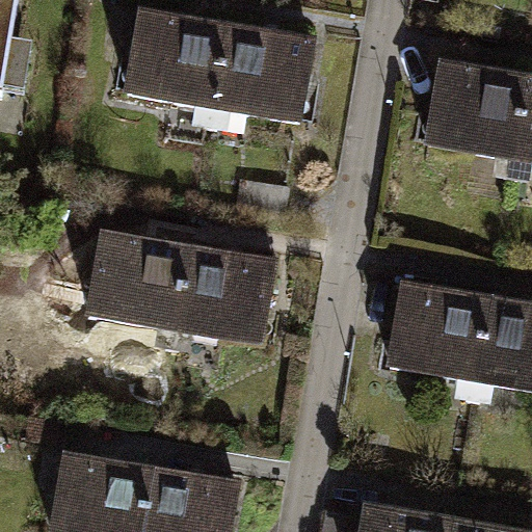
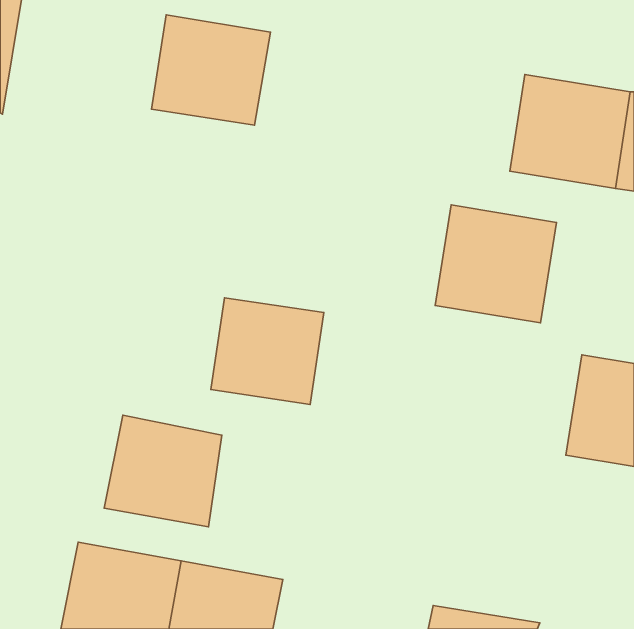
building: [213,27,316,122] -> none
building: [89,233,188,326] -> [104,415,222,527]
building: [385,283,487,381] -> [435,205,557,323]

